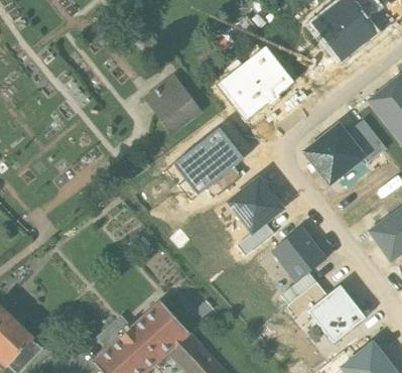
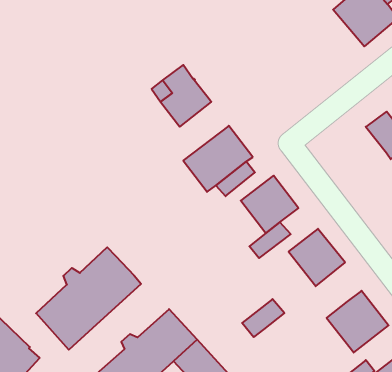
building: [216,45,294,121] -> none
building: [305,126,364,183] -> none
building: none -> [36,247,141,350]
building: [288,282,327,318] -> [242,299,284,337]

